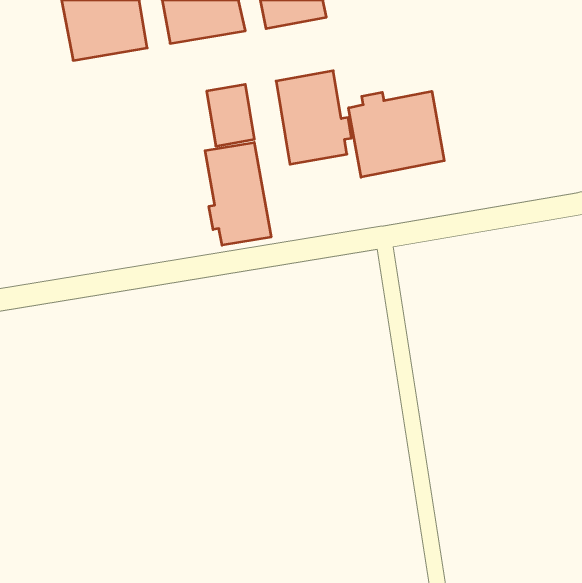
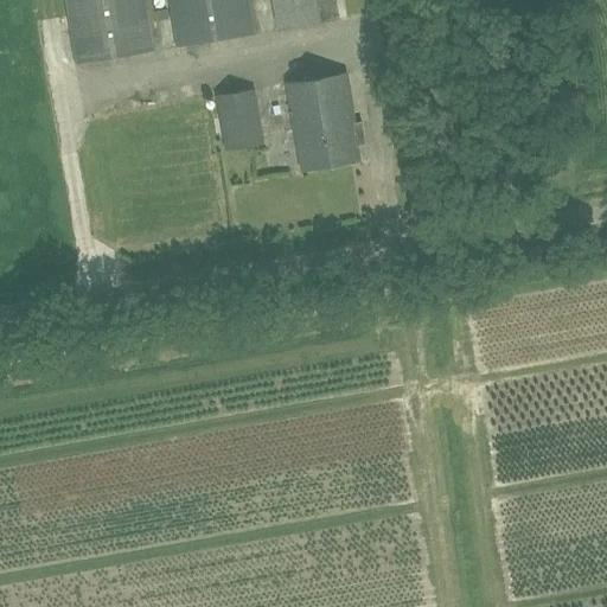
building: [349,91,444,177] -> none
building: [205,142,271,245] -> none

